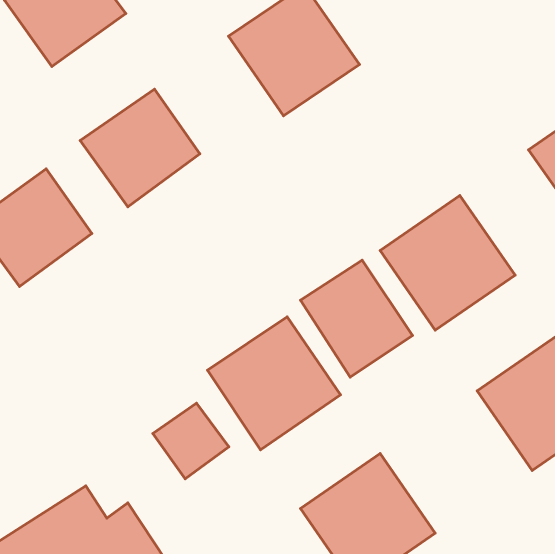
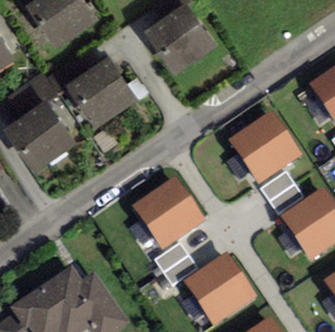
building: [300,260,412,377] -> none
building: none -> [263,169,305,211]
building: [153,403,229,479] -> [157,241,198,282]

